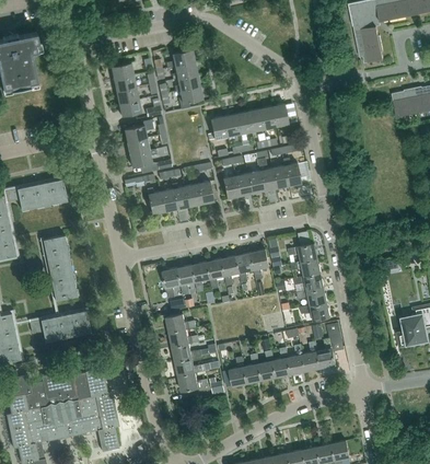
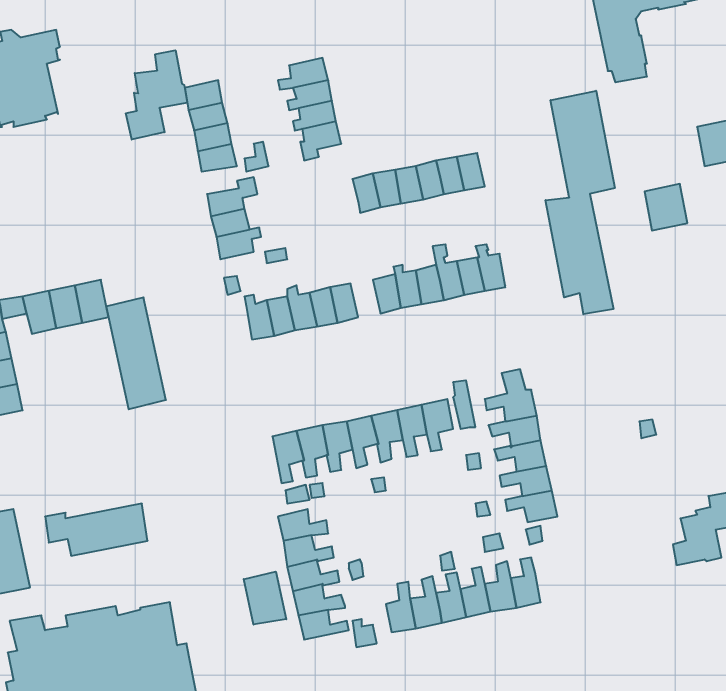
building: none -> [126,50,187,140]
building: none -> [546,91,615,314]
building: [392,90,417,117] -> [645,184,687,231]
building: [43,235,78,301] -> [106,297,166,409]
building: [317,324,344,369] -> none
building: none -> [244,572,286,625]

